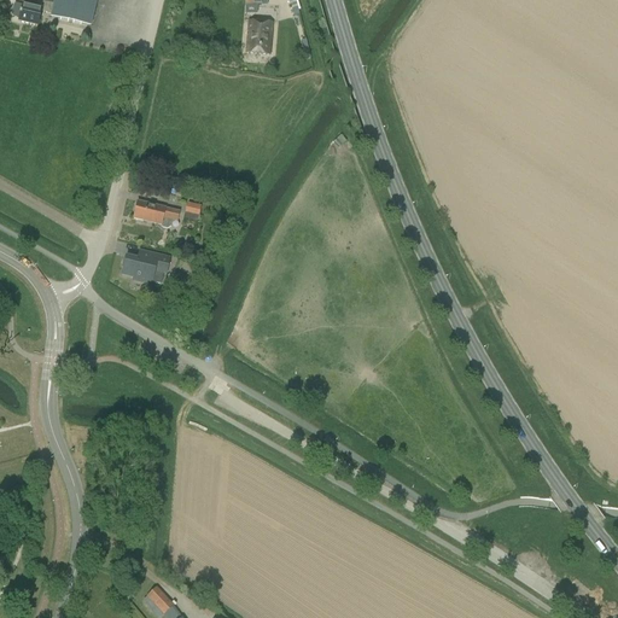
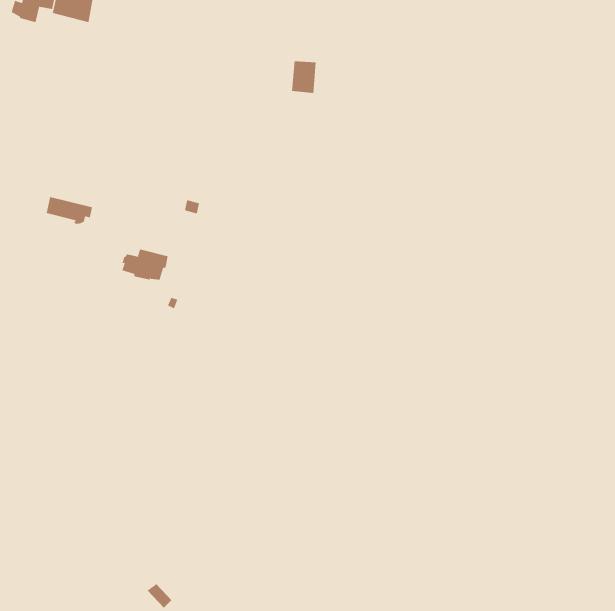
building: [246,19,272,52] -> [291,61,317,93]
building: [133,198,180,226] -> [46,196,93,224]

